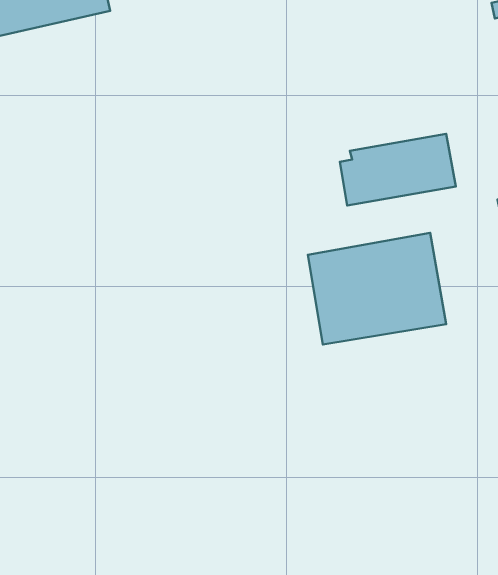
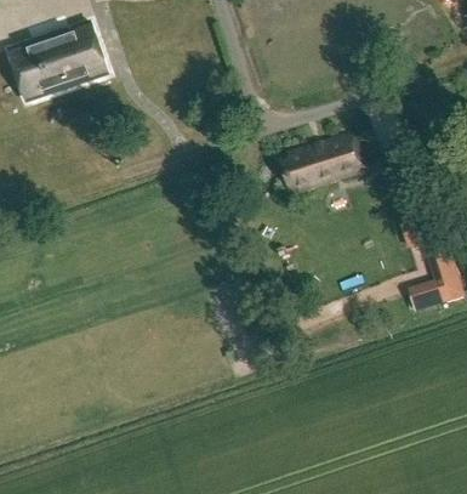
building: [308,233,446,344] -> none

